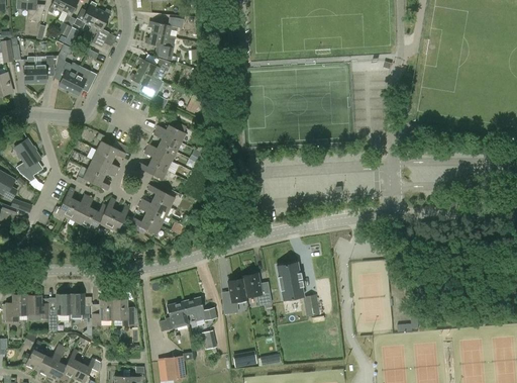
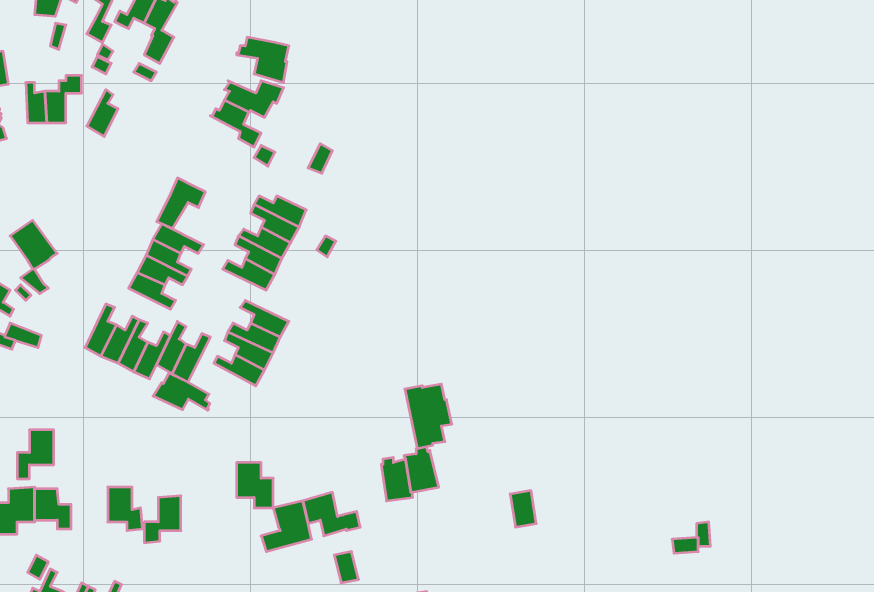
building: [149,16,184,37] -> none
building: [68,65,96,94] -> [157,178,205,229]
building: none -> [153,373,210,410]
building: [276,262,303,299] -> [405,384,452,449]
building: [48,293,70,321] -> [17,430,54,479]
building: [112,298,133,324] -> [237,463,273,508]

